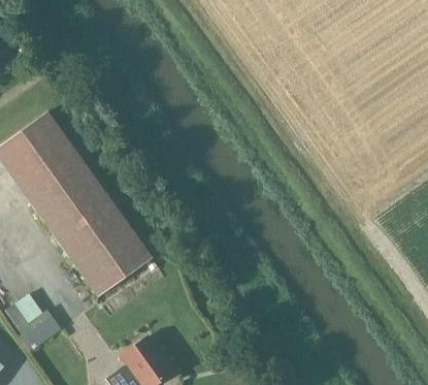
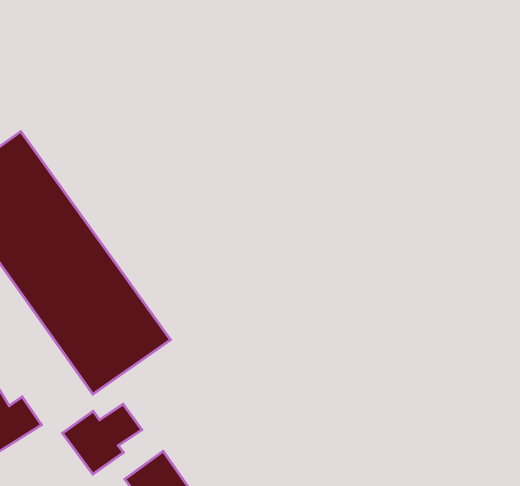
building: none -> [62,404,142,474]

